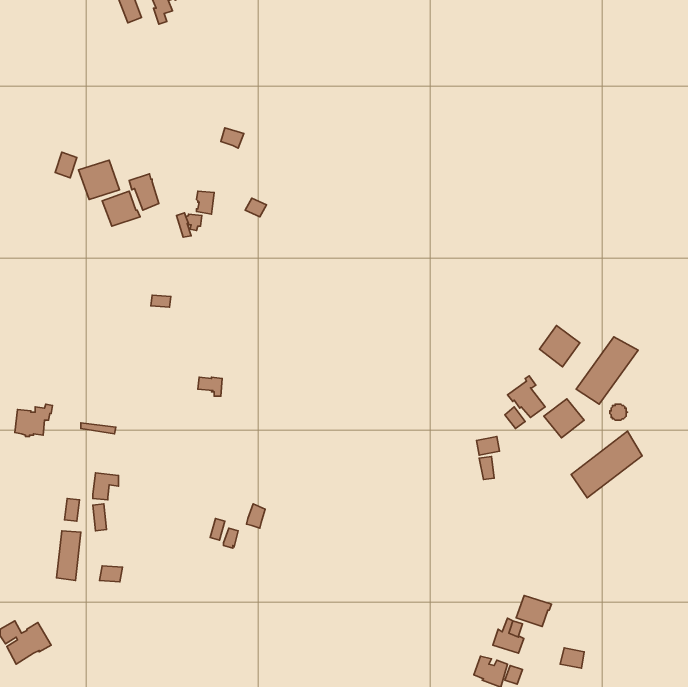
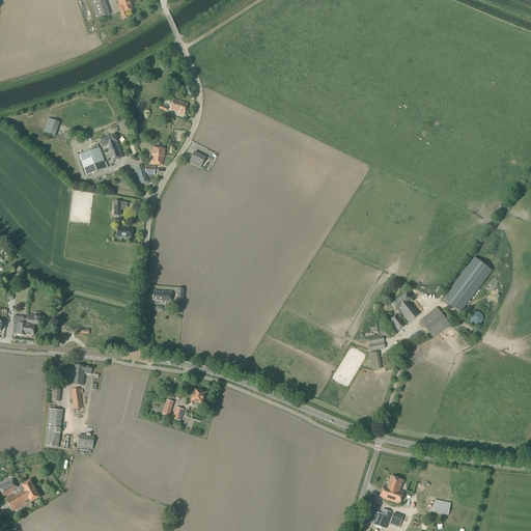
building: [79,160,120,199] -> none
building: [540,325,580,367] -> none
building: [571,431,642,498] -> none
building: [516,595,552,627] -> none

